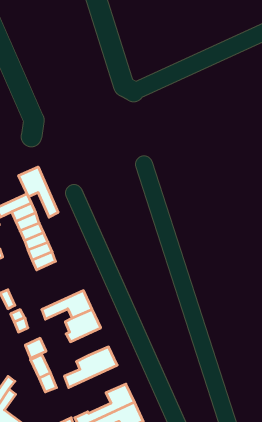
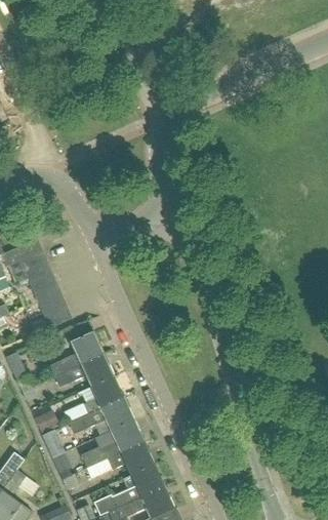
building: [19,167,58,217] -> none
building: none -> [49,331,104,376]
building: none -> [69,398,133,436]
building: none -> [86,442,154,479]

